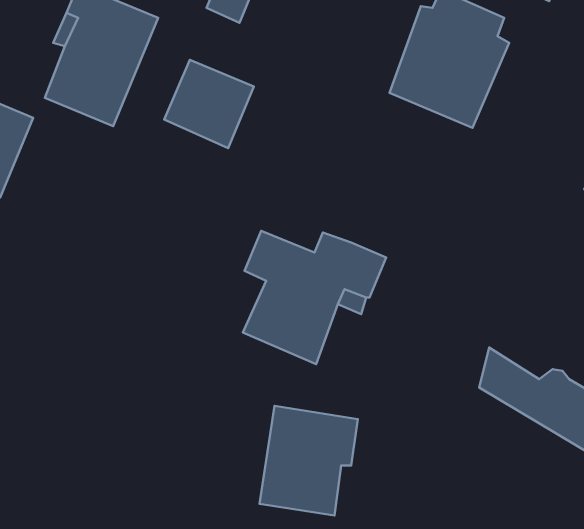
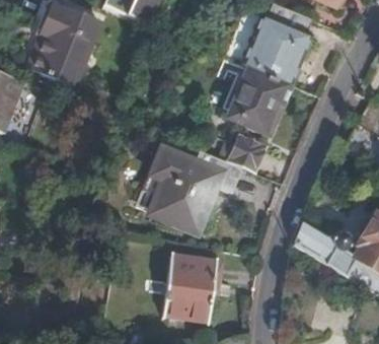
building: [164,60,254,148] -> none
building: none -> [228,72,292,135]
building: none -> [218,134,266,173]

